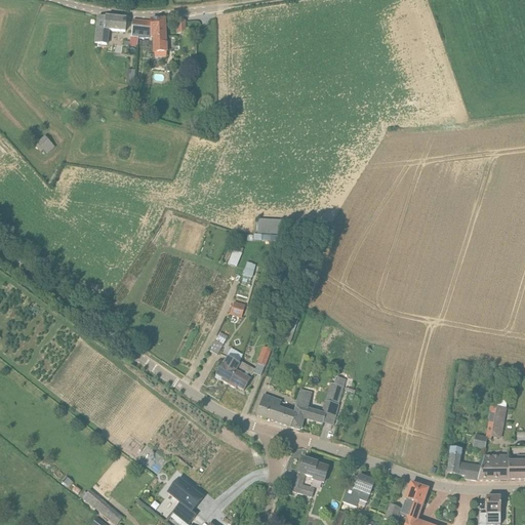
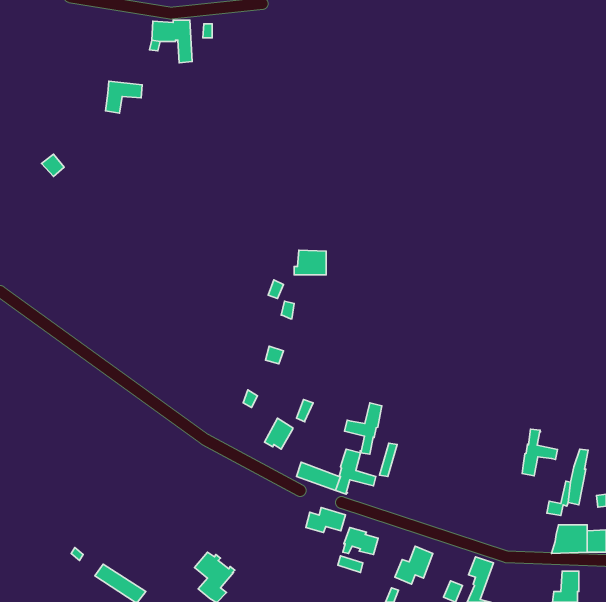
building: [94,14,126,42] -> [105,81,142,113]
building: none -> [344,403,382,454]
building: [215,354,240,382] -> none
building: none -> [522,429,558,476]
building: none -> [306,508,346,533]
building: [446,446,481,479] -> none

